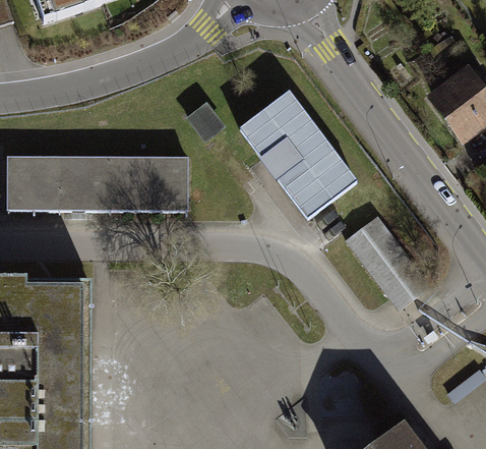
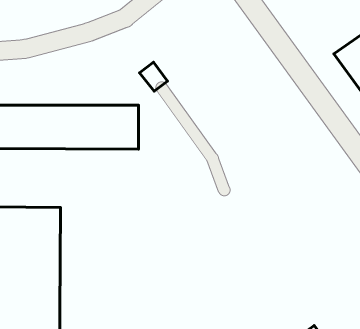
building: [239,92,356,218] -> none
building: [346,217,428,301] -> none

